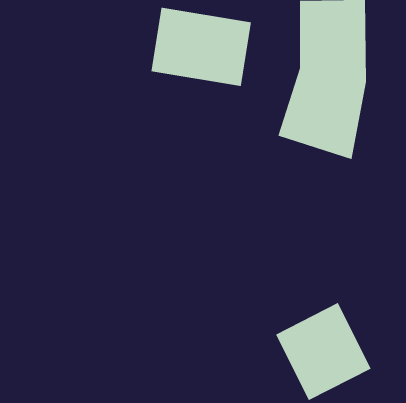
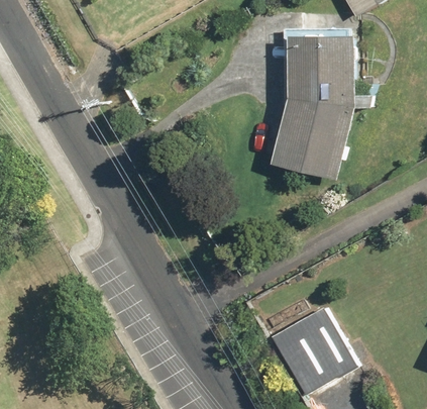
building: [151,7,251,87] -> none

